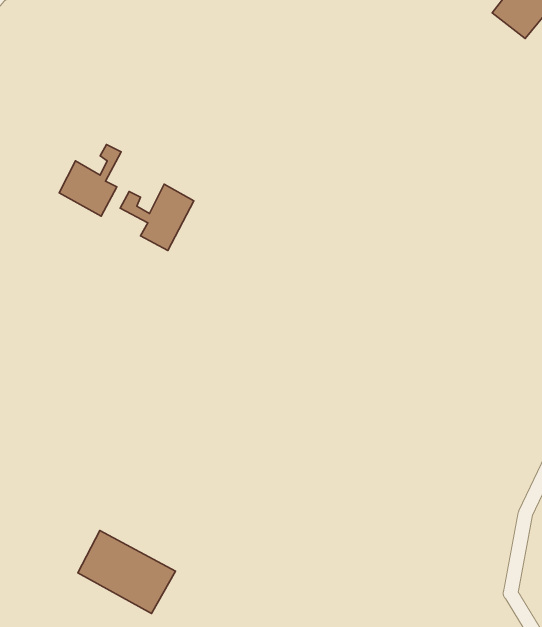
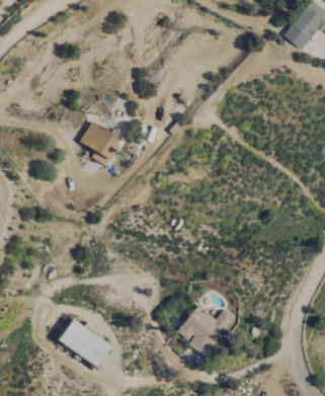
building: [59,144,121,216] -> none
building: none -> [181,304,236,353]

